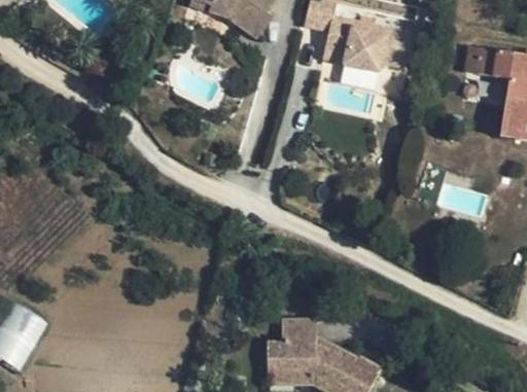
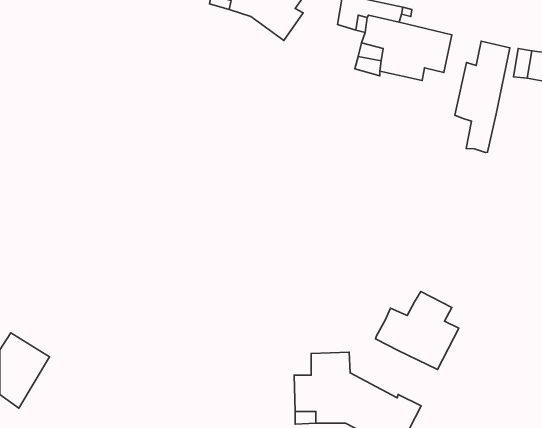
building: none -> [455,41,510,153]
building: none -> [375,291,459,369]

